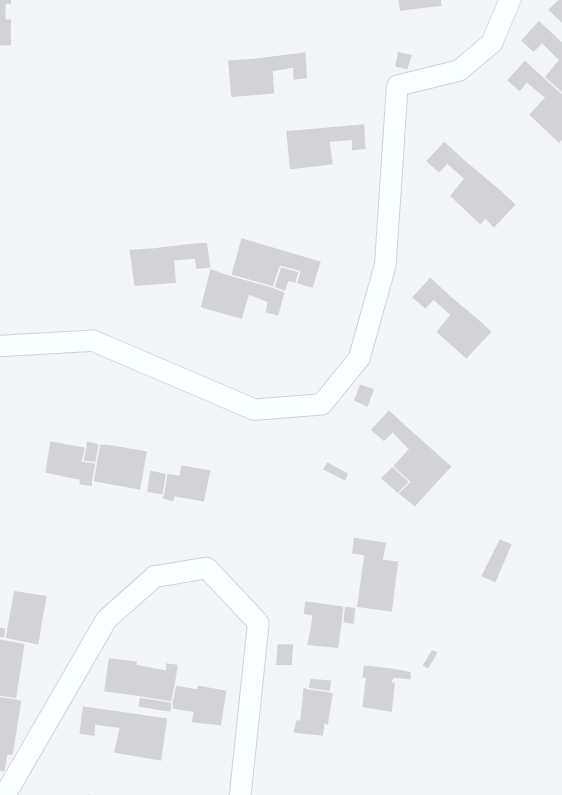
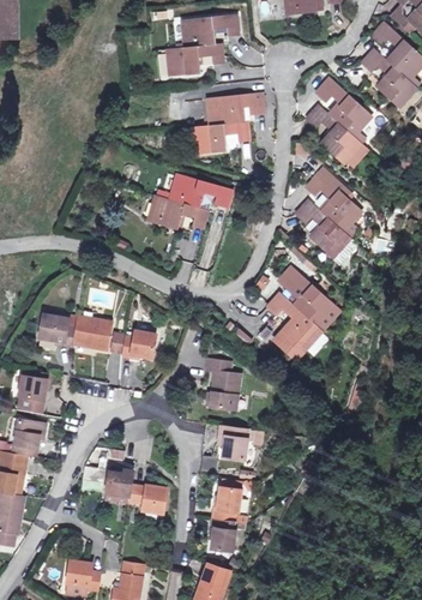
building: none -> [181,13,239,47]
building: none -> [315,77,372,136]
building: none -> [306,172,362,230]
building: [129,242,211,287] -> [192,121,249,152]
building: none -> [278,266,334,325]
building: none -> [18,368,48,410]
building: [351,537,399,613] -> [206,356,240,409]
building: [361,665,411,713] -> [211,517,246,551]
building: [79,706,168,762] -> none

